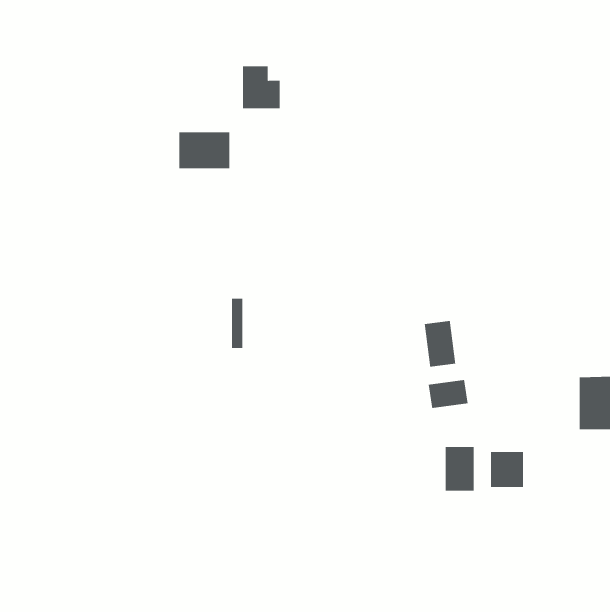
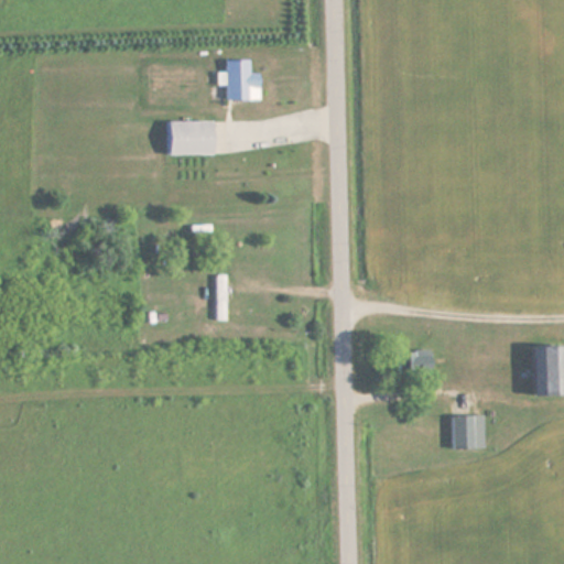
building: [424,320,456,368] -> none
building: [445,446,474,491] -> none

